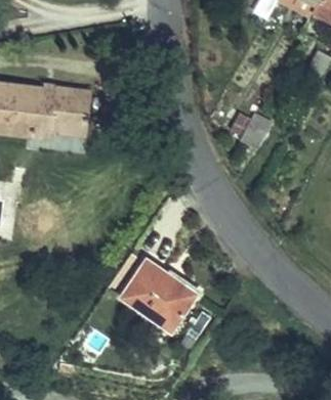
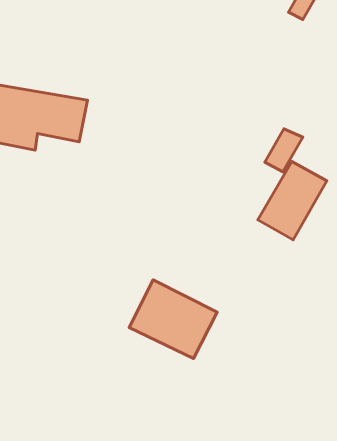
building: none -> [258,162,327,240]

